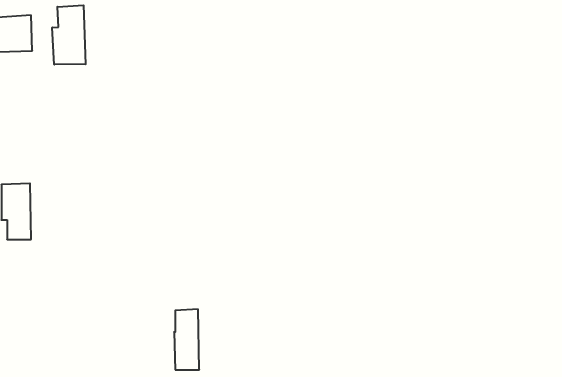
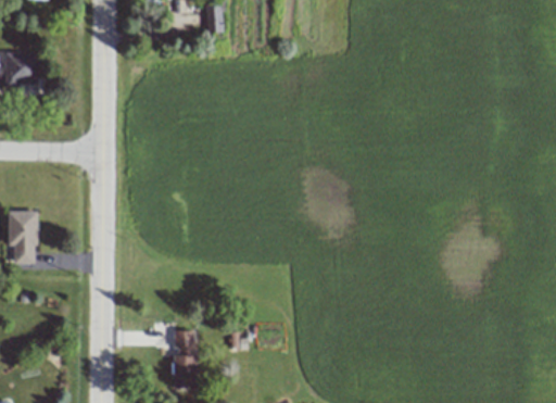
building: [52,5,86,65] -> none

